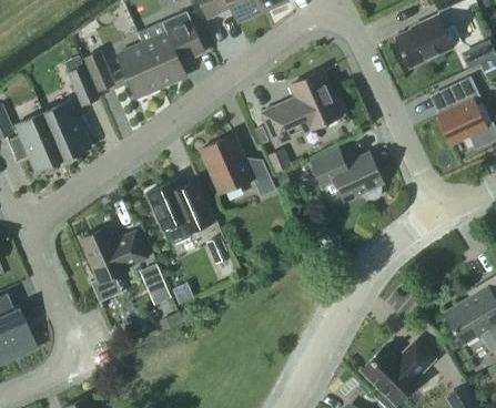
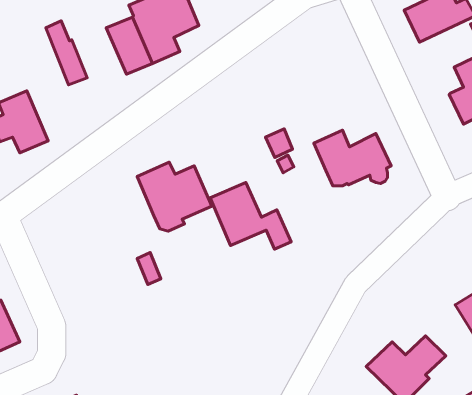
building: [83,51,115,92] -> none
building: [260,71,342,145] -> none
building: [42,102,89,160] -> none
building: [200,135,275,197] -> [210,183,291,249]
building: [79,227,148,307] -> none

